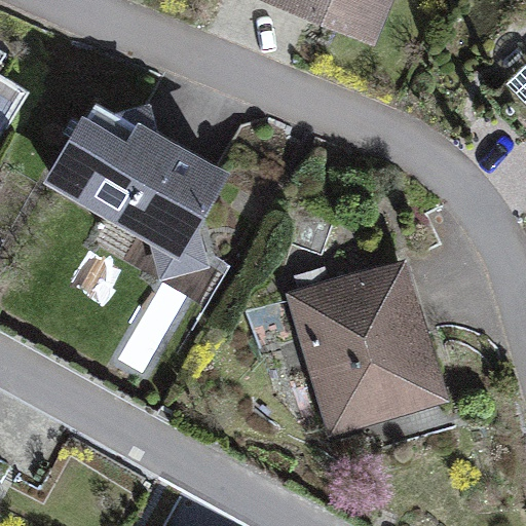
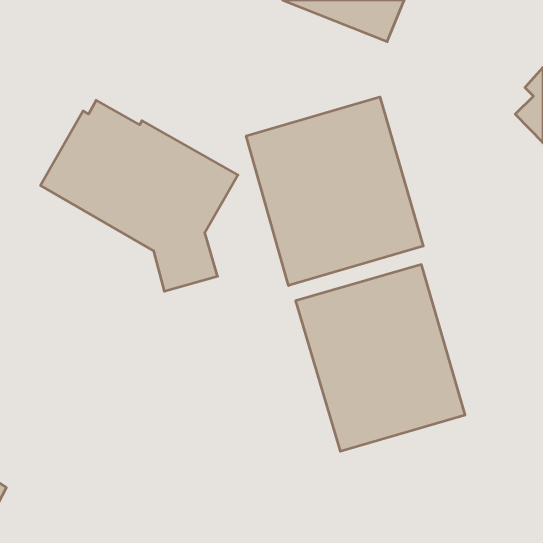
building: none -> [246,97,423,286]

